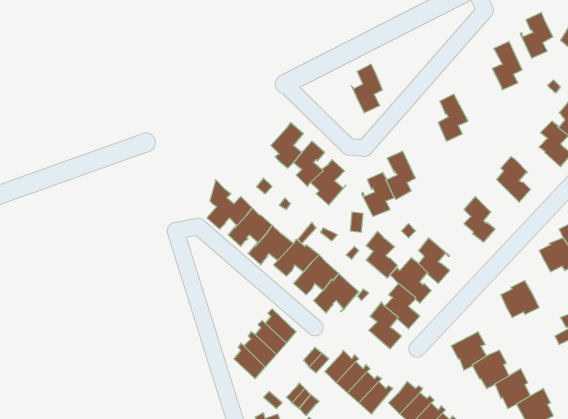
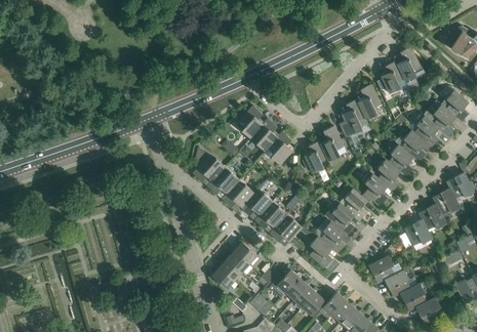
building: [520,13,553,58] -> [381,60,404,93]
building: [351,64,383,113] -> [342,98,364,133]
building: none -> [414,115,439,148]
building: none -> [388,143,413,176]
building: [366,231,397,278] -> [364,172,387,206]
building: none -> [419,203,445,227]

